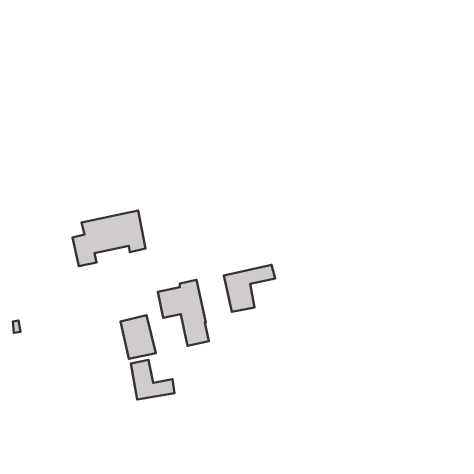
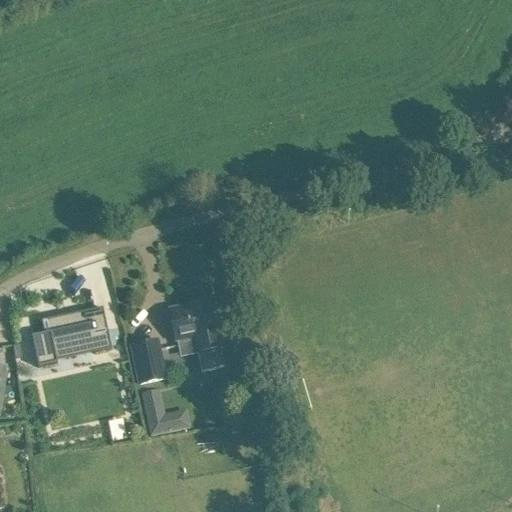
building: [72,210,146,266] -> [32,308,111,368]
building: [224,265,275,312] -> none

